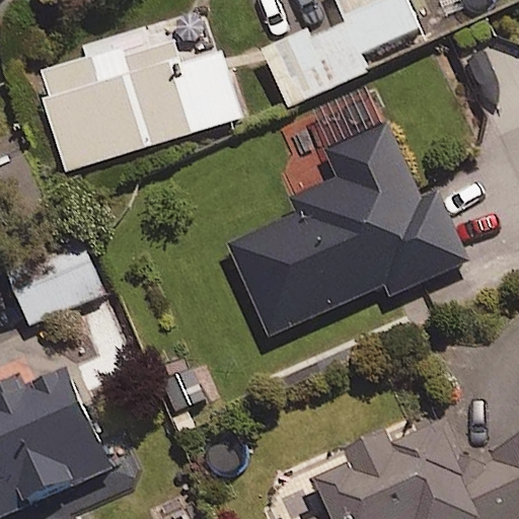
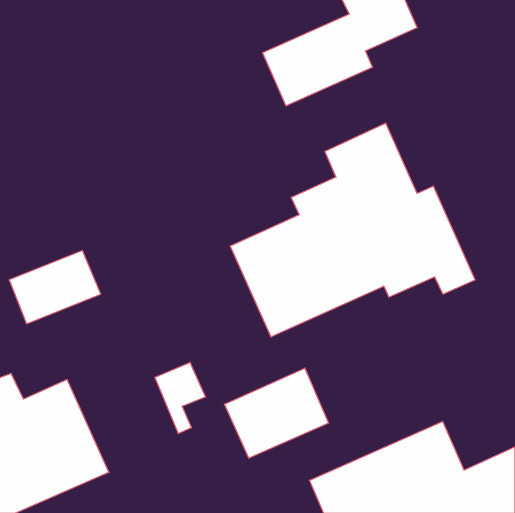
building: [34,10,240,174] -> none
building: none -> [224,368,328,458]

